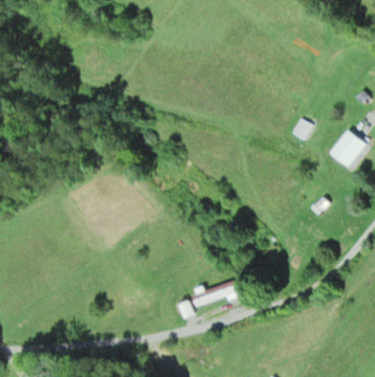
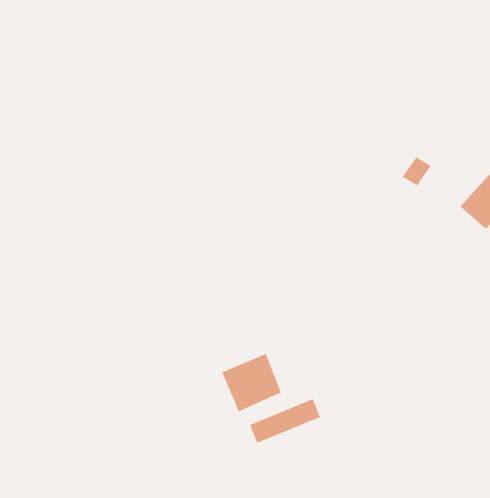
building: none -> [221,353,282,412]

